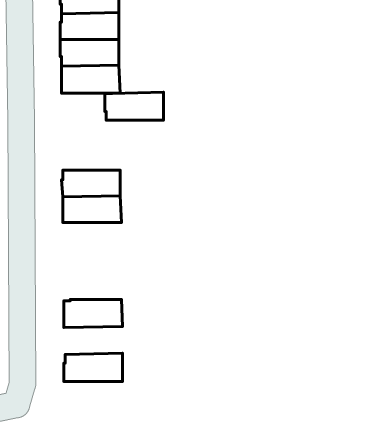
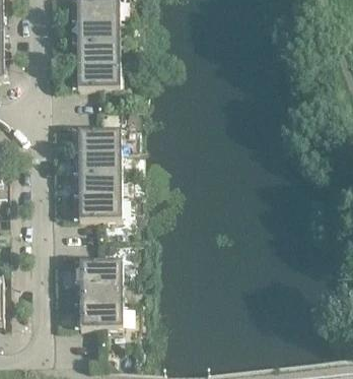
building: [105,92,163,120] -> [71,127,120,150]
building: none -> [72,194,121,217]
building: none -> [73,280,122,304]

